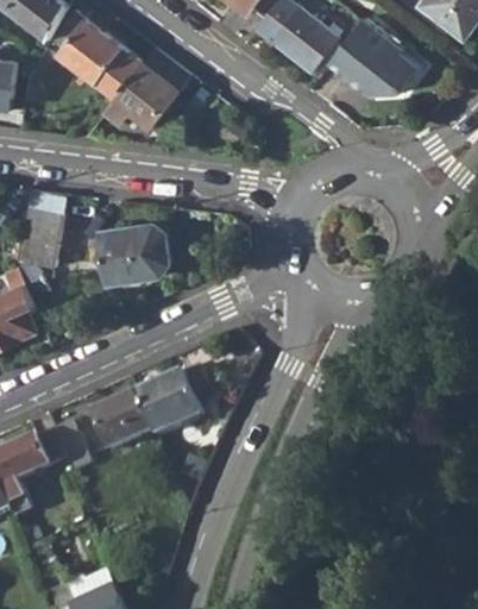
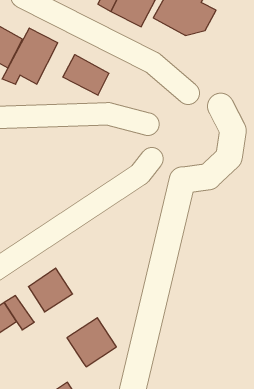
building: none -> [63,55,109,95]
building: [96,222,168,283] -> none
building: [132,370,200,437] -> [67,318,116,367]

